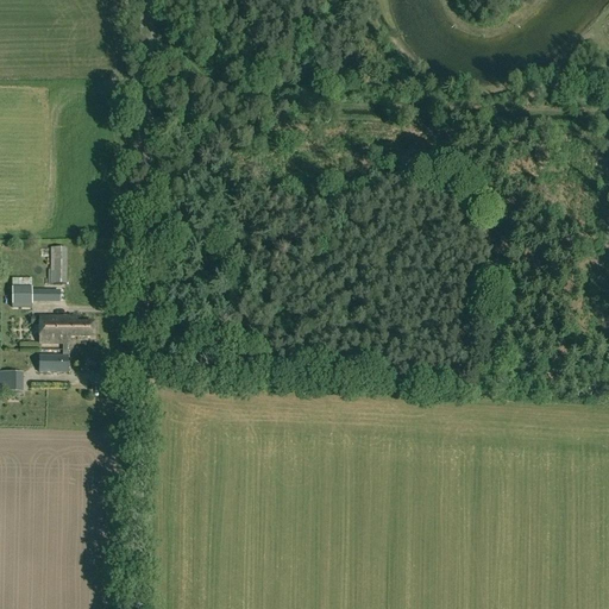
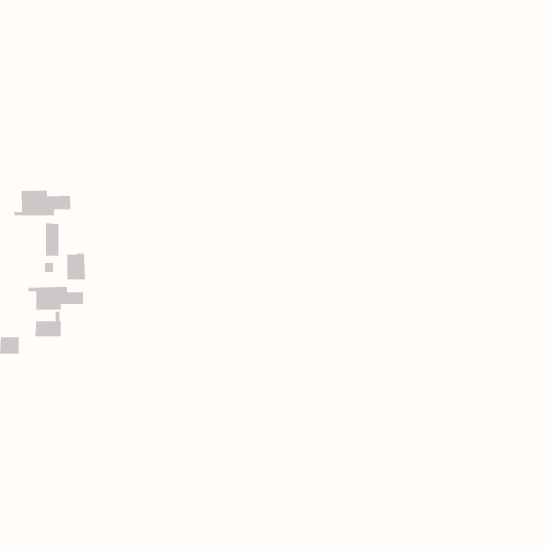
building: none -> [14,190,71,216]
building: [11,277,32,307] -> [67,253,86,280]

